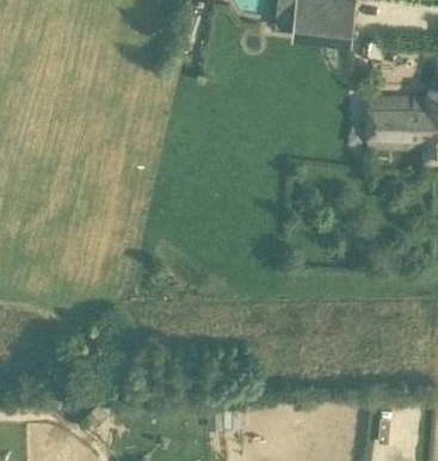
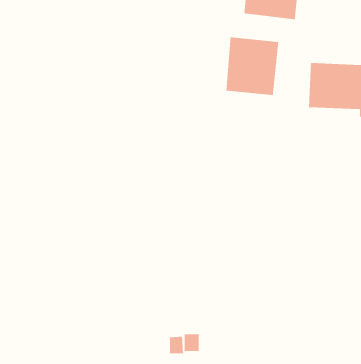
building: none -> [226,36,279,96]

